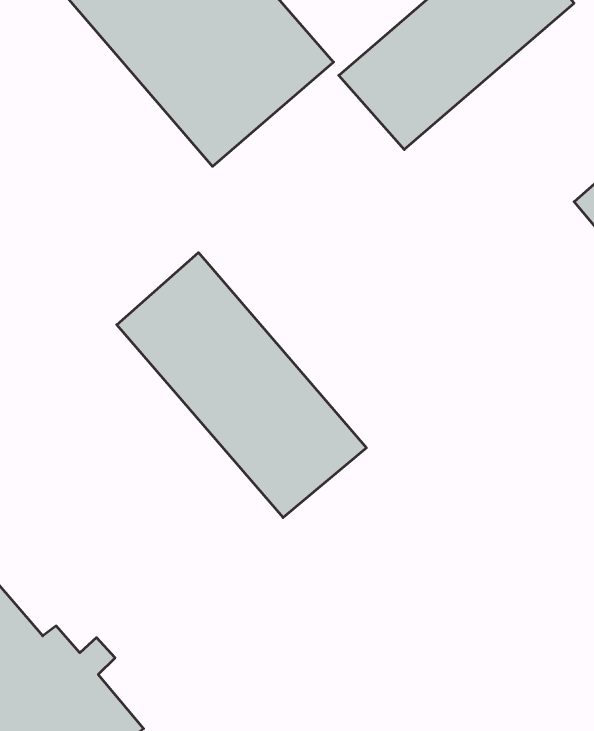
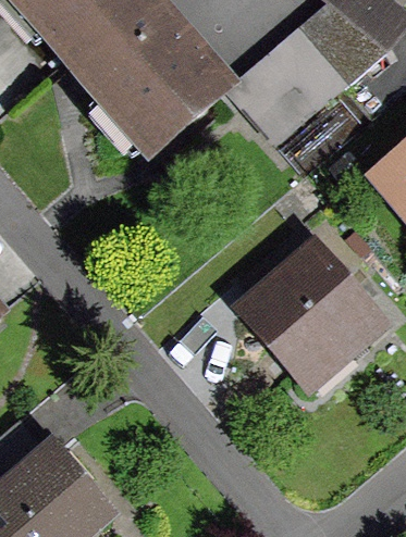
building: [117,253,366,518] -> none
building: none -> [246,251,379,373]

